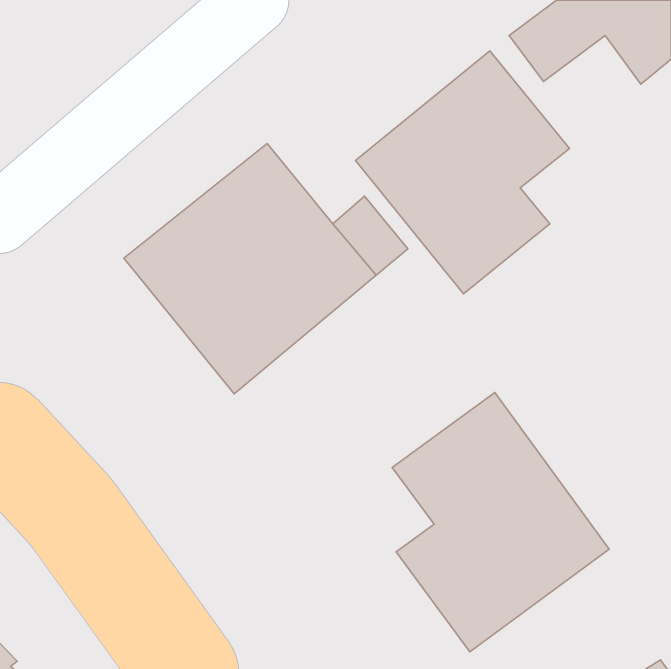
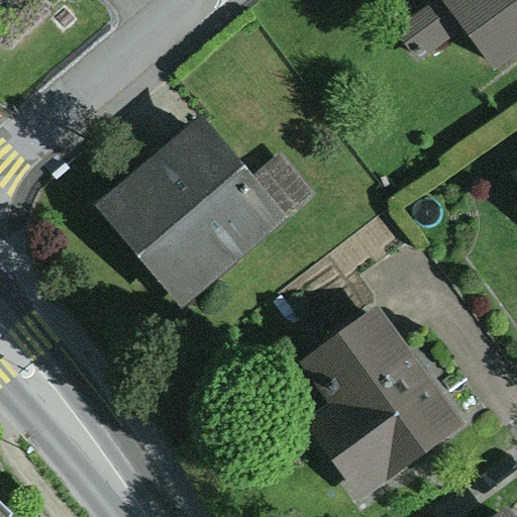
building: [355,51,569,294] -> none

